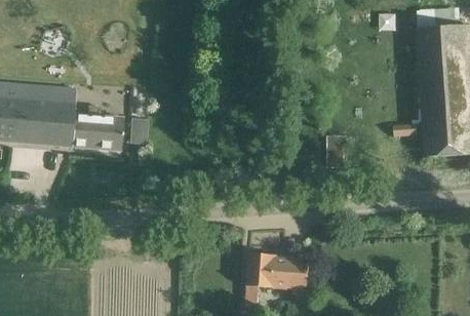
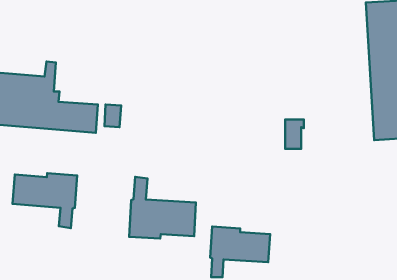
building: none -> [13,173,77,228]
building: none -> [129,177,196,238]

